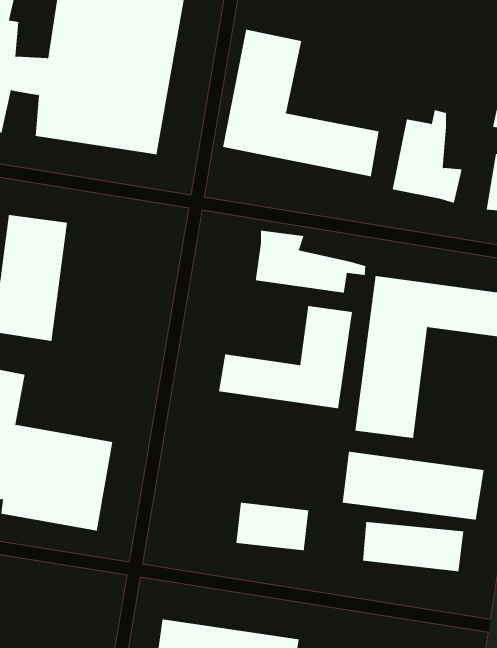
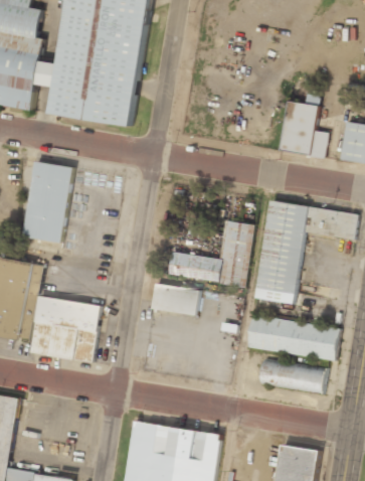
building: [222,29,379,177] -> none
building: [255,230,366,294] -> none
building: [236,502,309,551] -> [152,283,199,314]

